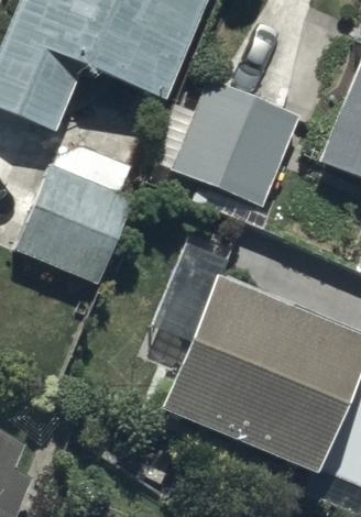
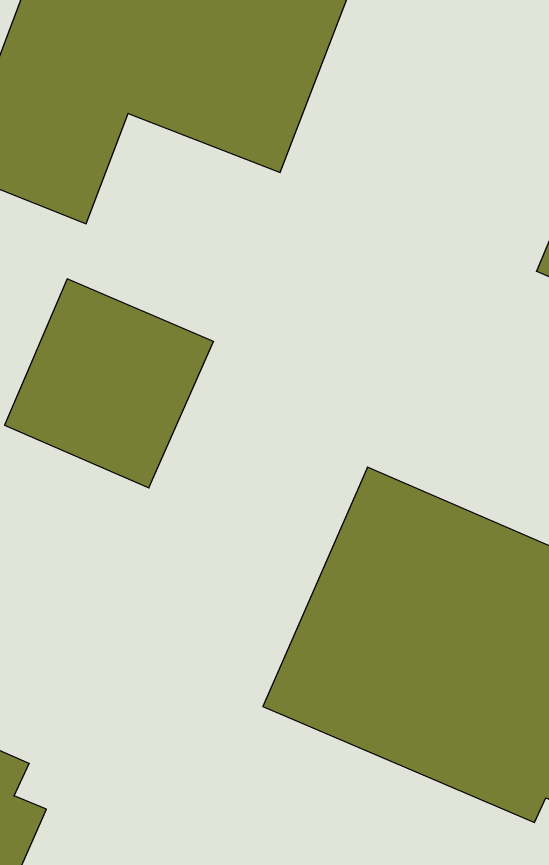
building: [154,81,300,209] -> none

